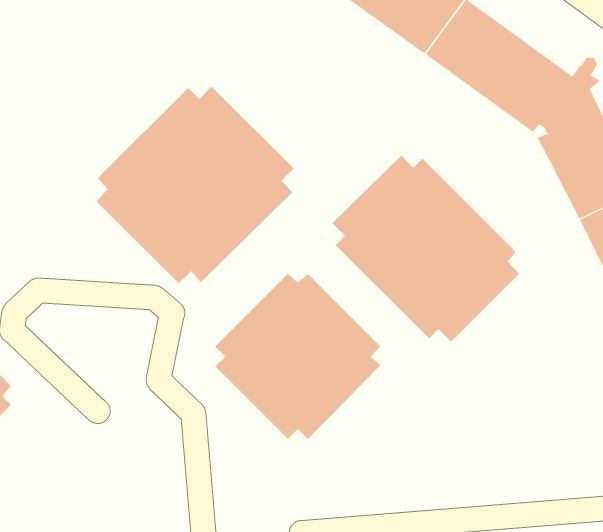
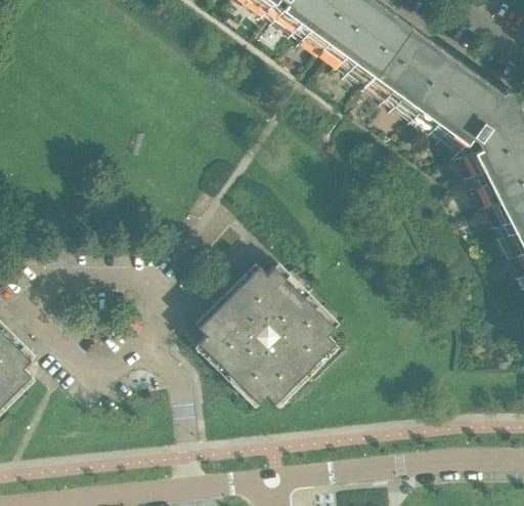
building: [96,86,294,284] -> none
building: [331,155,520,343] -> none

